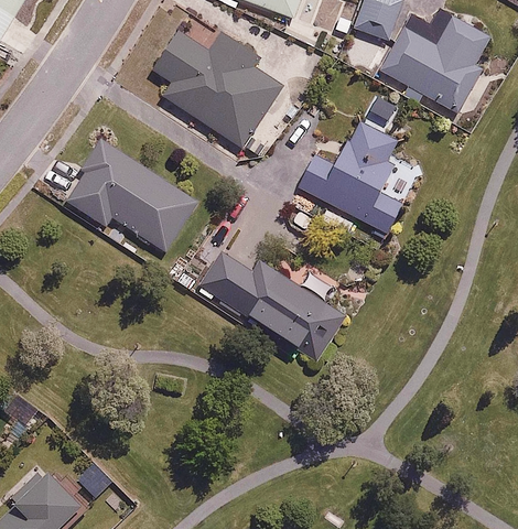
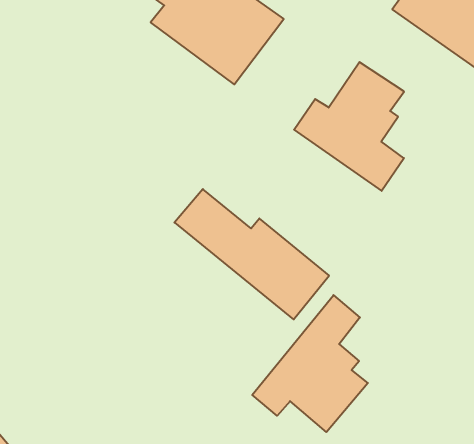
building: [36,149,197,251] -> none
building: none -> [252,295,368,432]

